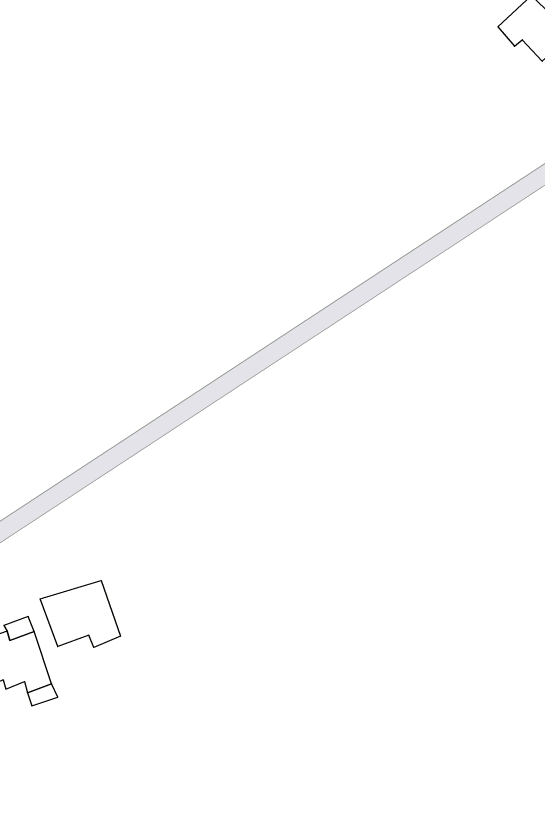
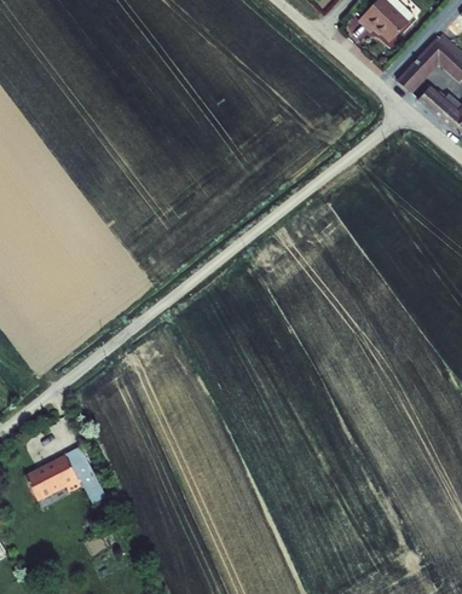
building: [40,581,120,647] -> none

